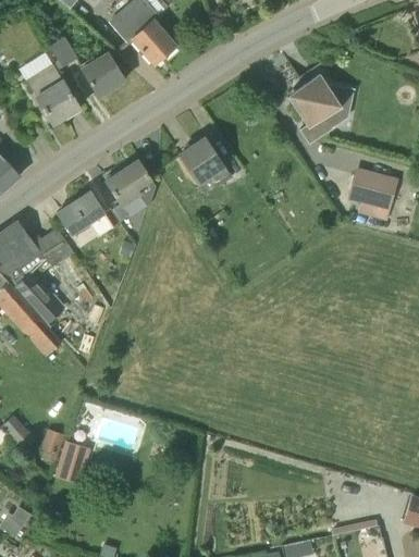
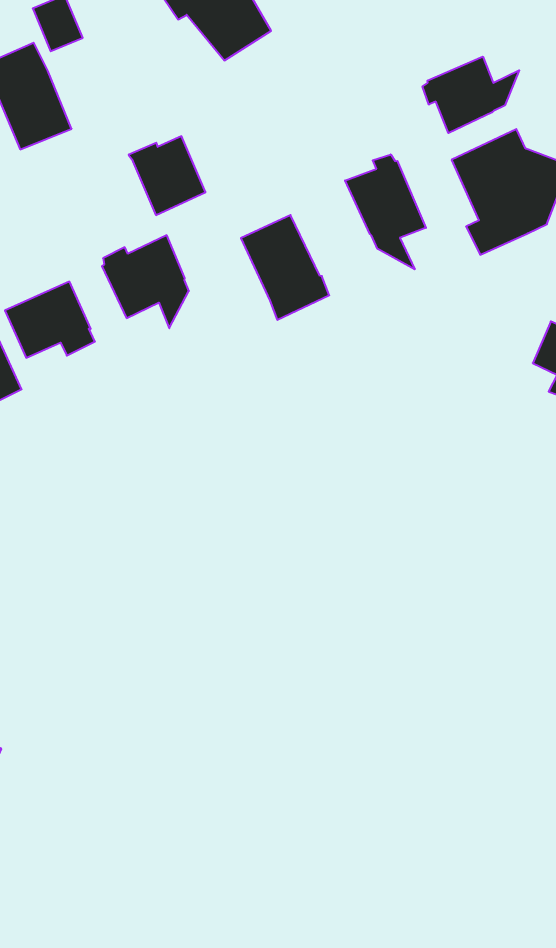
building: none -> [422,57,519,133]
building: [78,51,123,96] -> [129,136,206,215]
building: none -> [345,154,426,269]

